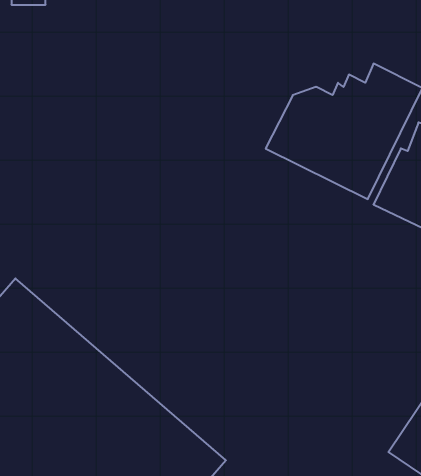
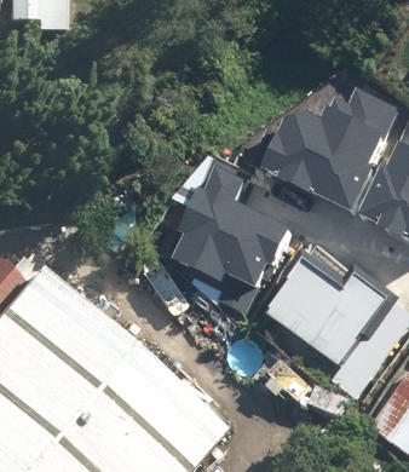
building: none -> [173,152,293,301]
building: none -> [264,249,394,398]

